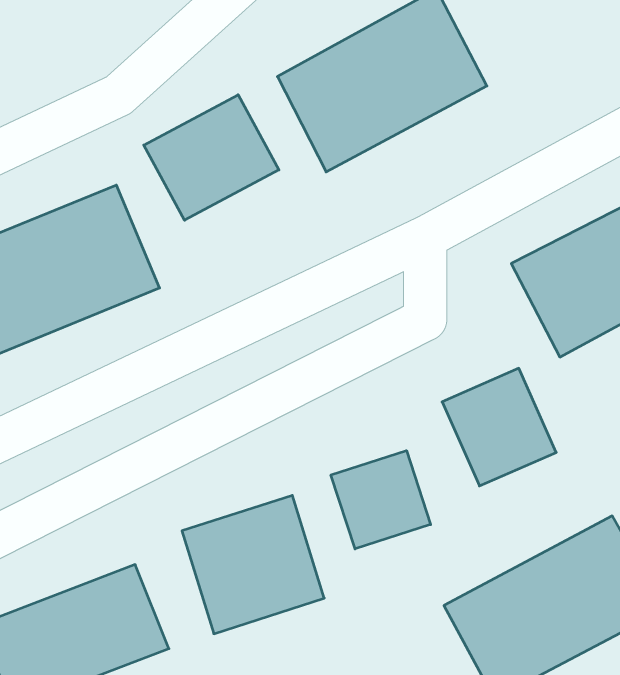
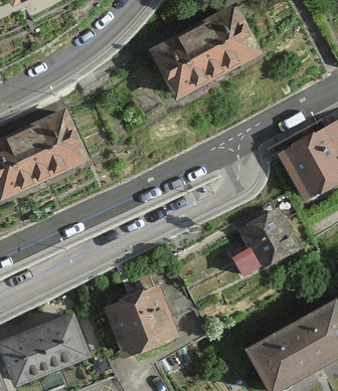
building: [144,95,279,220] -> none
building: [331,451,431,549] -> none

